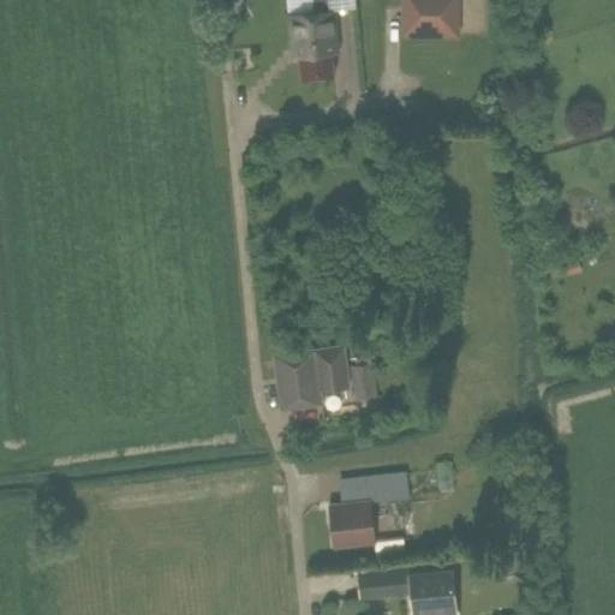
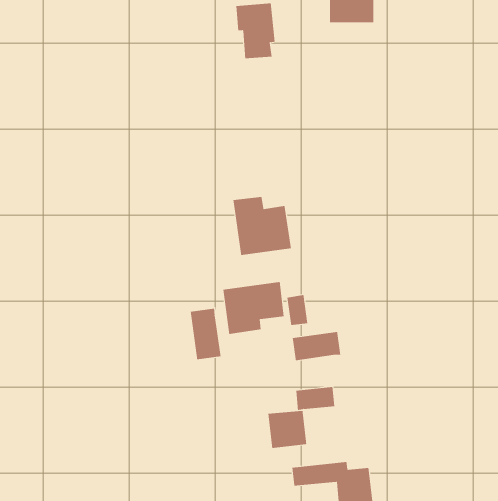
building: none -> [233,196,291,256]
building: none -> [190,308,221,360]
building: none -> [292,331,341,361]

